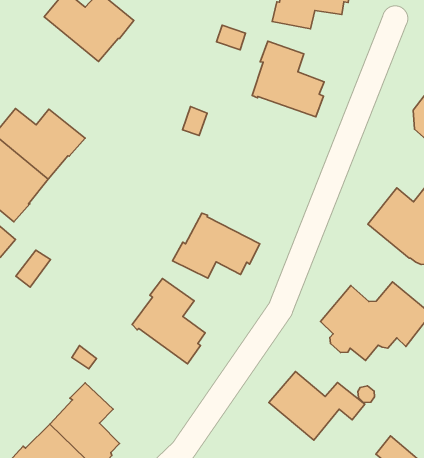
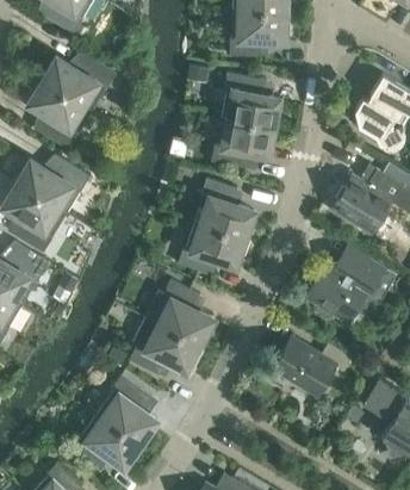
building: none -> [27,80,92,149]
building: none -> [211,118,277,167]
building: none -> [200,178,254,238]
building: none -> [130,316,203,374]

